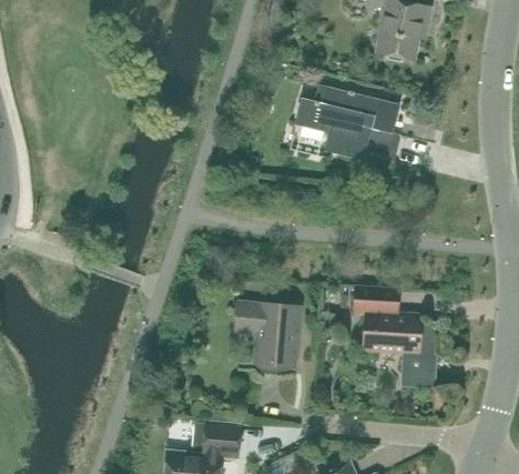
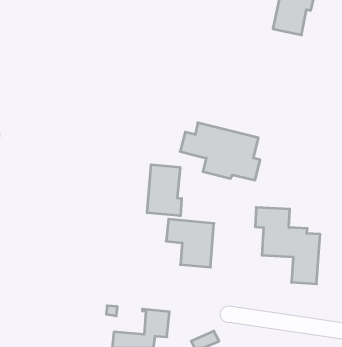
building: [295,85,400,161] -> [180,123,260,180]
building: none -> [147,165,182,216]

